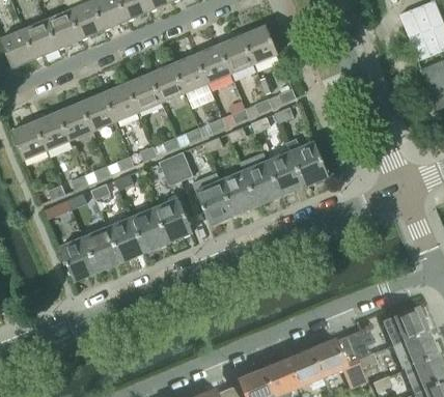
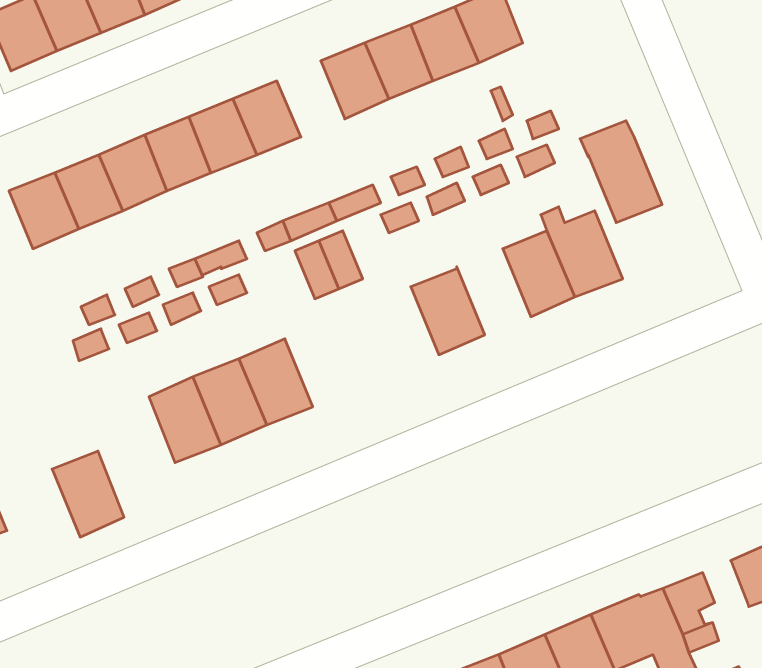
building: [148,63,184,103] -> none
building: [238,152,280,205] -> [580,121,662,223]
building: [191,173,232,225] -> none
building: [152,197,191,243] -> none
building: [58,237,95,282] -> [52,451,124,537]

